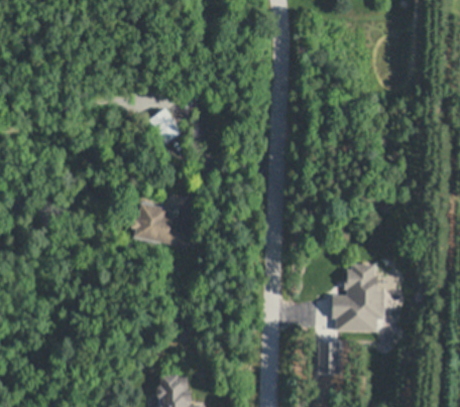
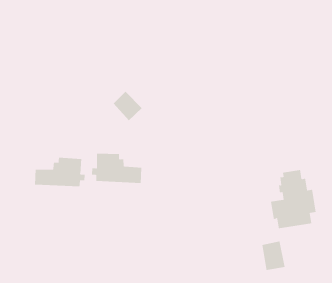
building: [147,110,181,145] -> [113,91,142,121]
building: none -> [35,157,85,187]

